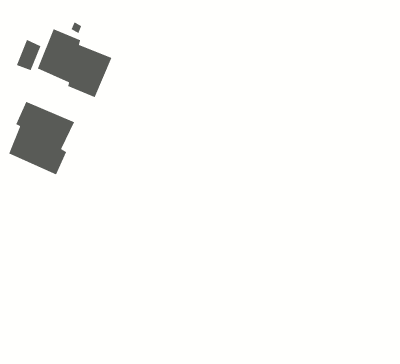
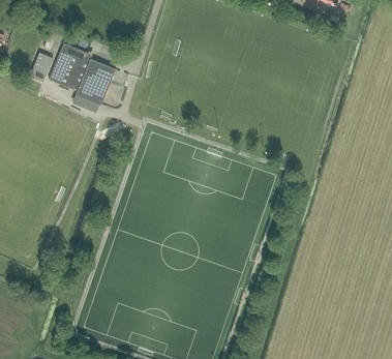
building: [8,101,75,176] -> none

